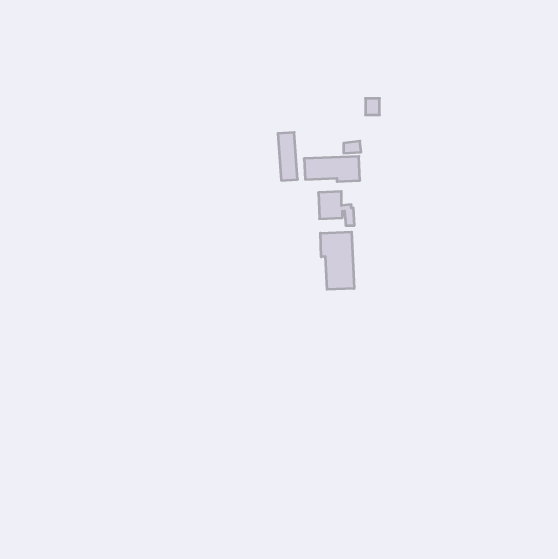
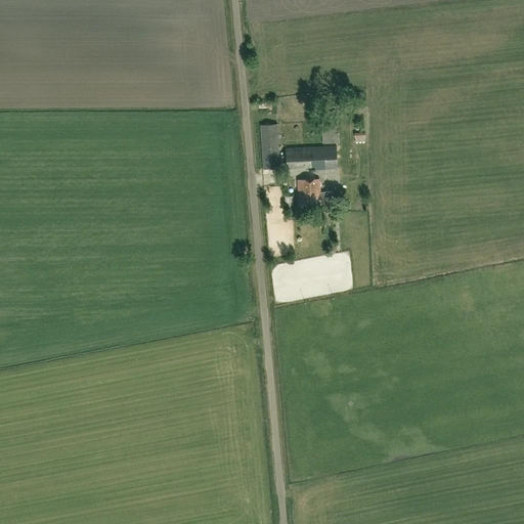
building: [320,232,354,289] -> none

